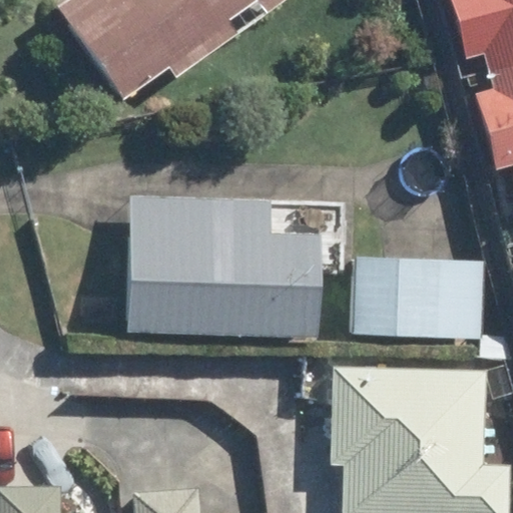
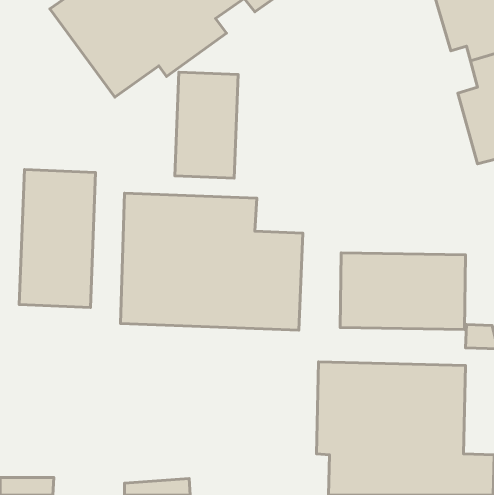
building: none -> [175,72,238,178]
building: none -> [19,169,96,307]

